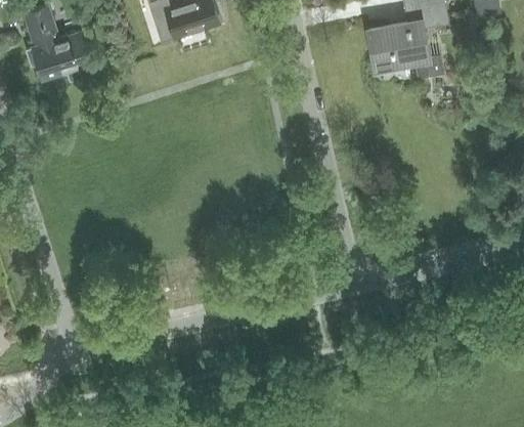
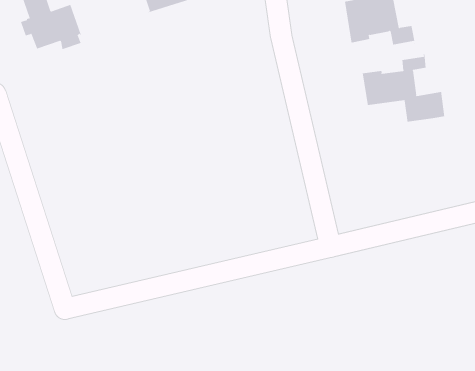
building: none -> [362,53,445,122]

